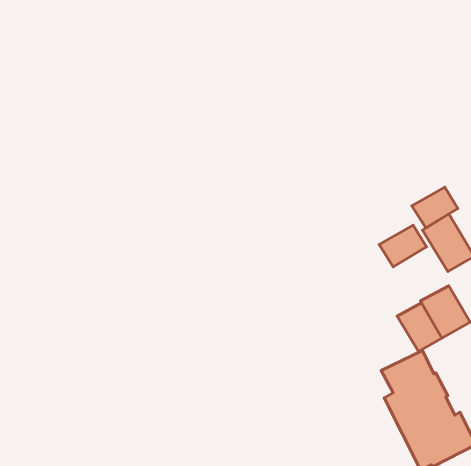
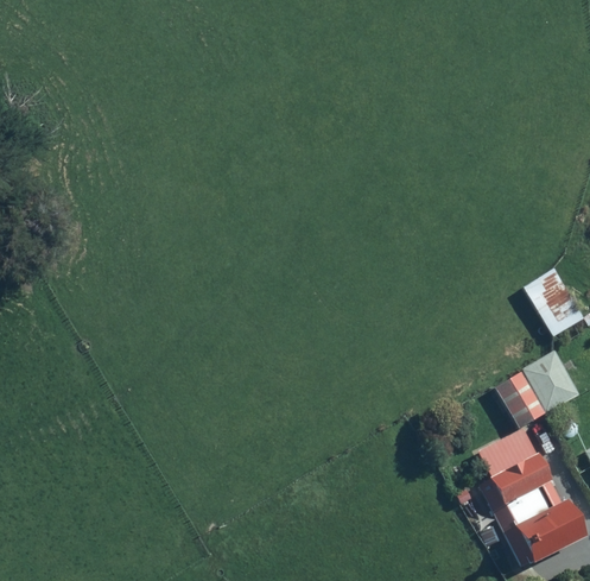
building: [412,187,458,228] -> none
building: [379,225,427,267] -> none

